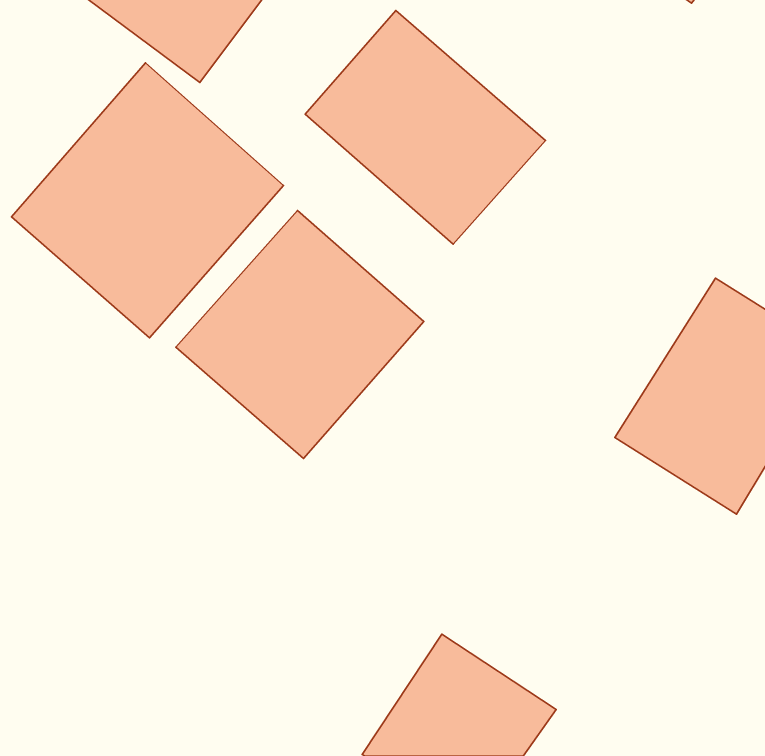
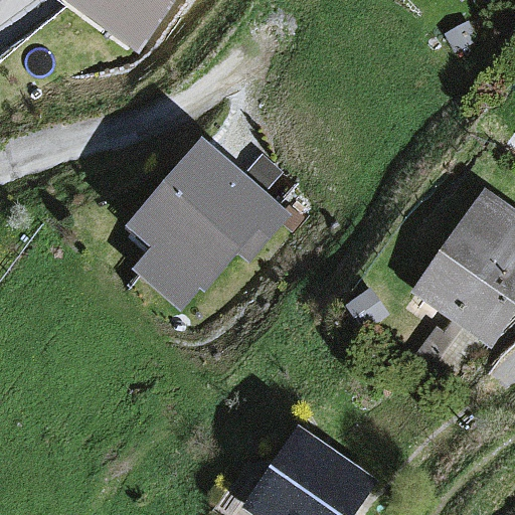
building: [305,10,545,244] -> none
building: [12,63,284,338] -> none

